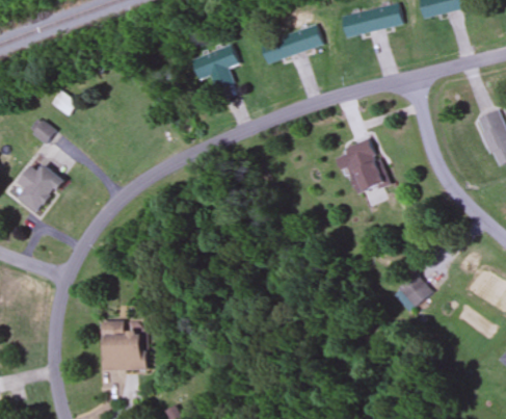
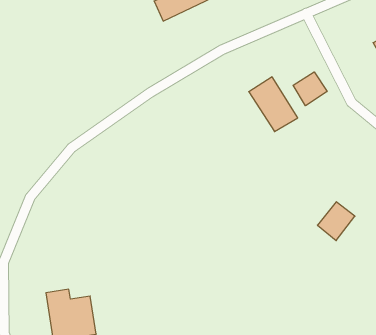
building: [190,45,236,91] -> none
building: none -> [293,72,327,106]

